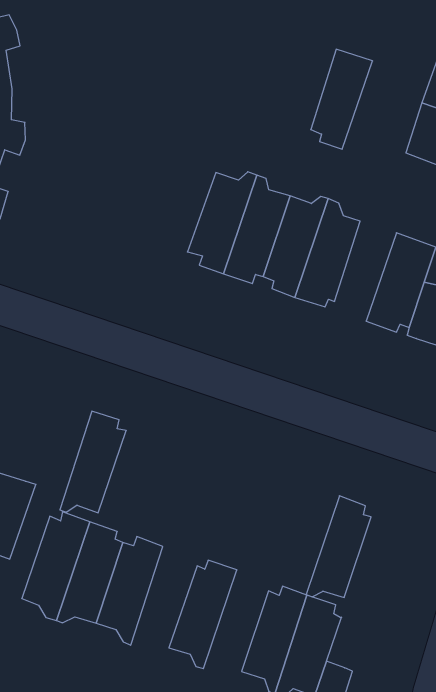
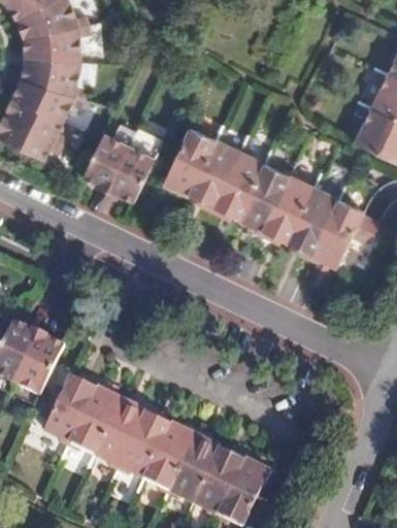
building: [311,49,373,149] -> [290,188,339,259]
building: none -> [161,130,217,199]
building: none -> [82,134,155,203]
building: [60,411,126,513] -> [117,401,170,473]
building: [306,496,371,597] -> [166,424,219,496]

